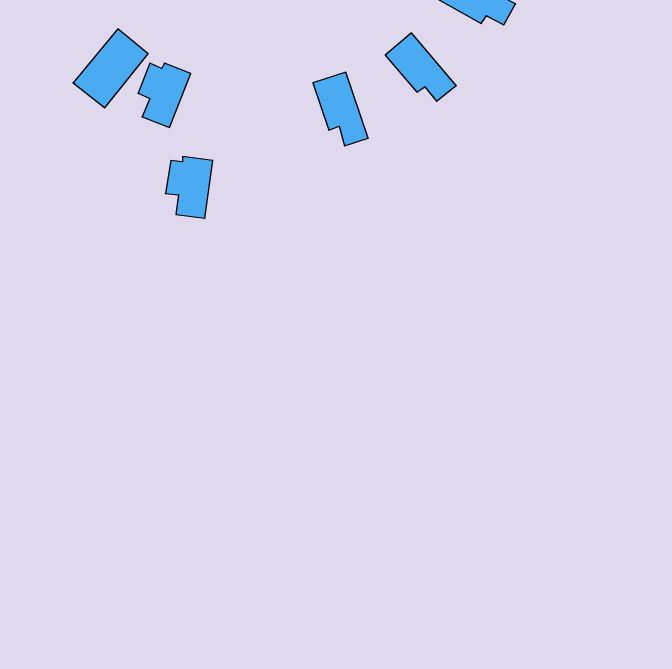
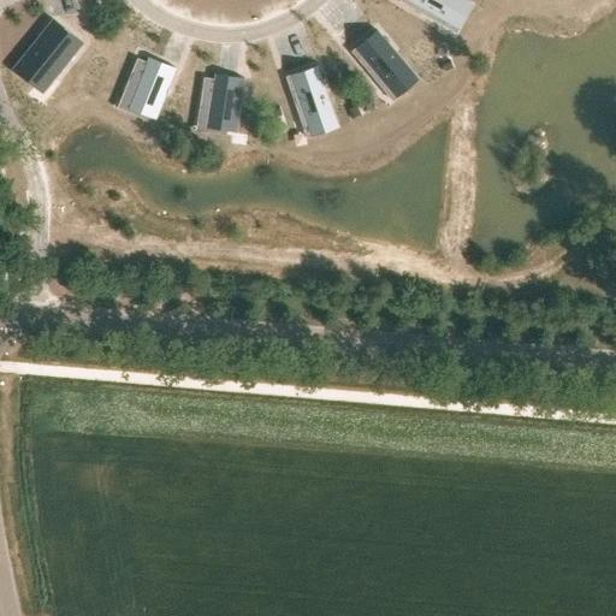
building: [73,29,148,108] -> [13,19,82,91]
building: [165,157,213,218] -> [201,78,244,135]

